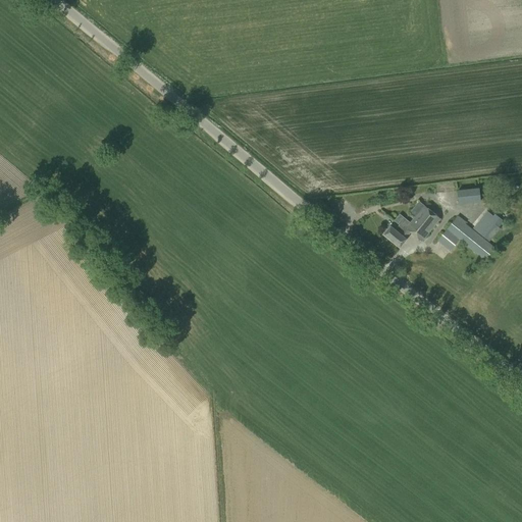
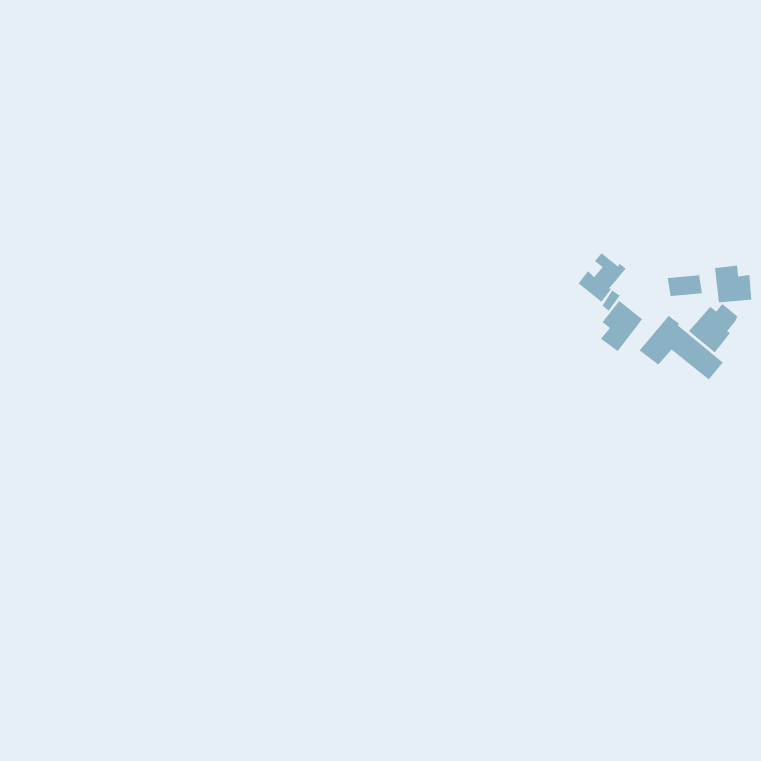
building: none -> [714,265,752,303]
building: [382,213,416,248] -> [577,252,627,303]

